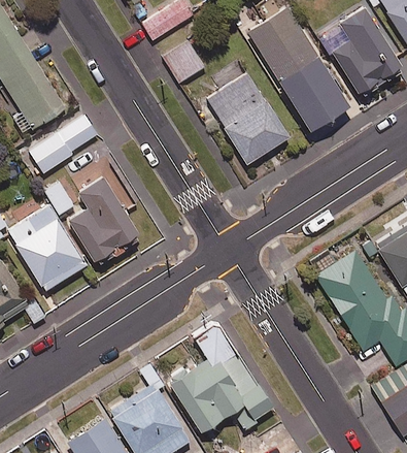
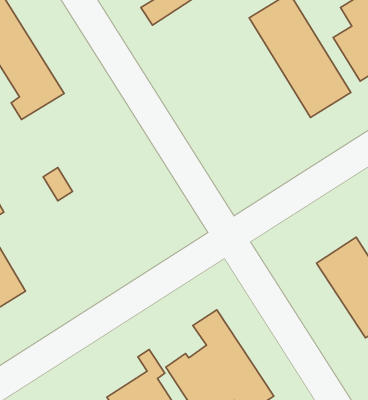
building: [162,40,204,83] -> none
building: [205,61,289,164] -> none
building: [28,115,97,173] -> none
building: [67,179,138,262] -> none
building: [15,205,86,291] -> none

